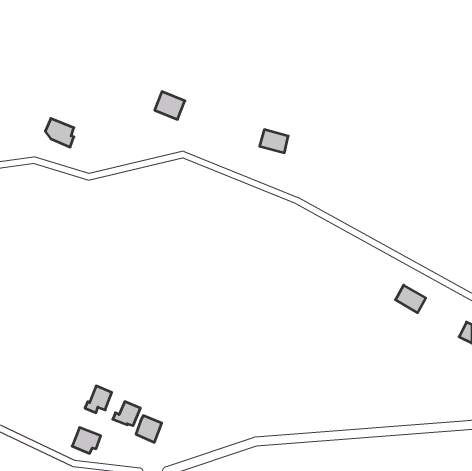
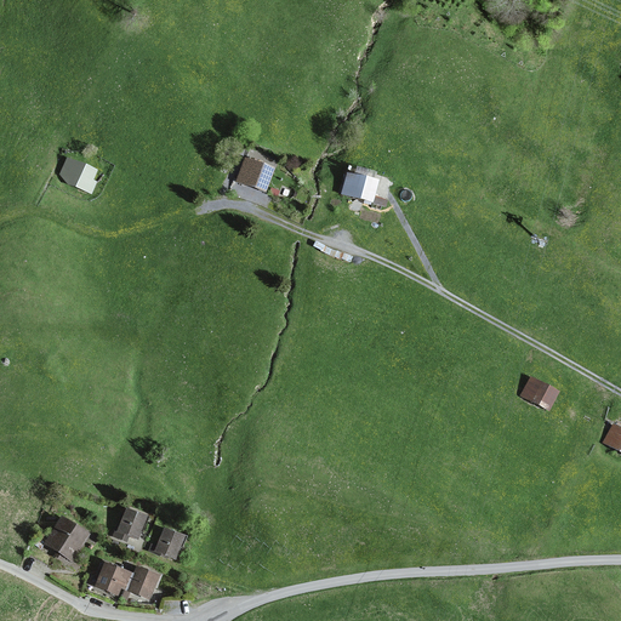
building: [155,92,185,119] -> [235,155,275,192]
building: none -> [44,514,90,560]
building: [136,416,162,442] -> [126,564,160,599]

